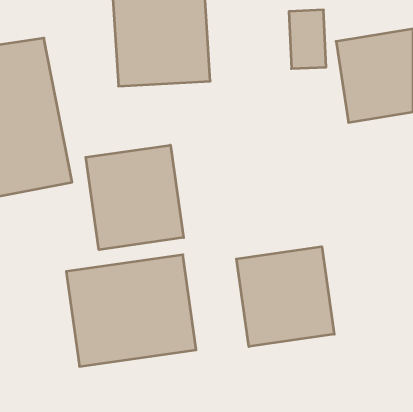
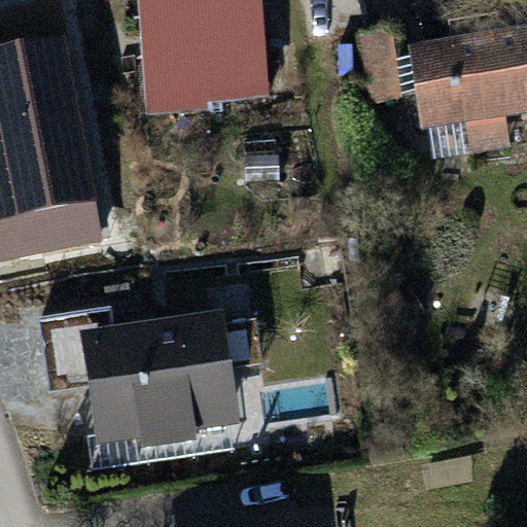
building: [86,145,184,250] -> none
building: [236,247,334,347] -> none

